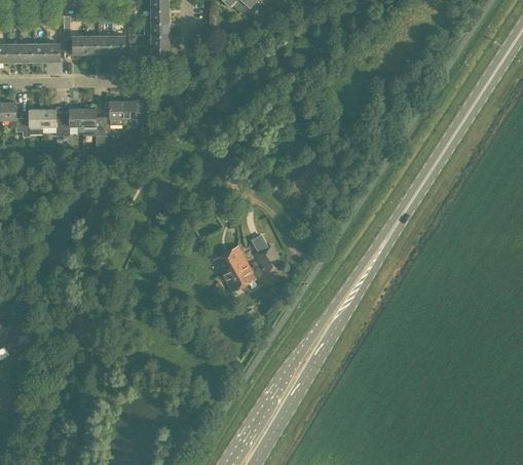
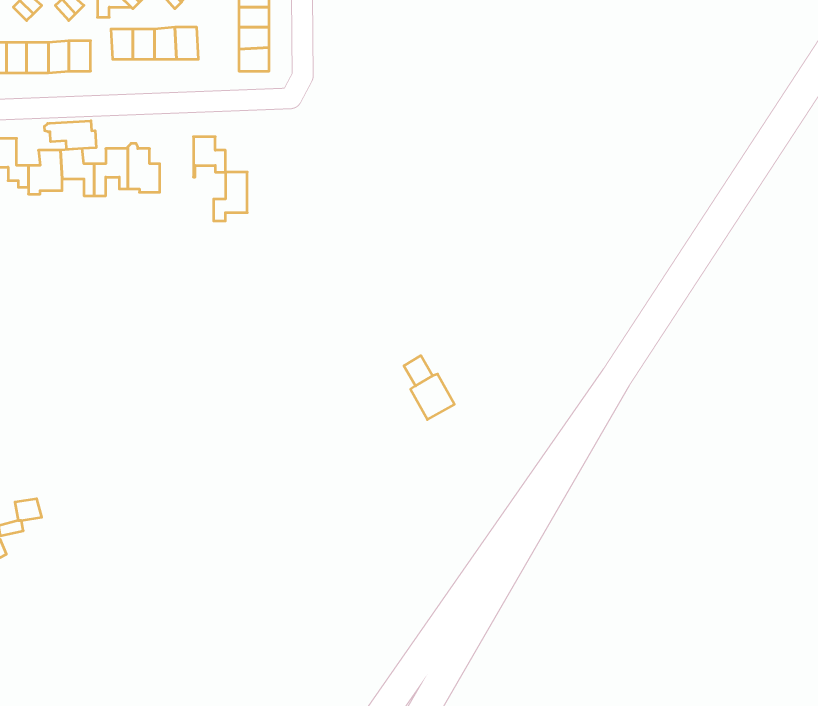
building: none -> [44,121,96,149]
building: [102,101,122,130] -> [214,172,247,221]
building: [214,246,256,293] -> none

